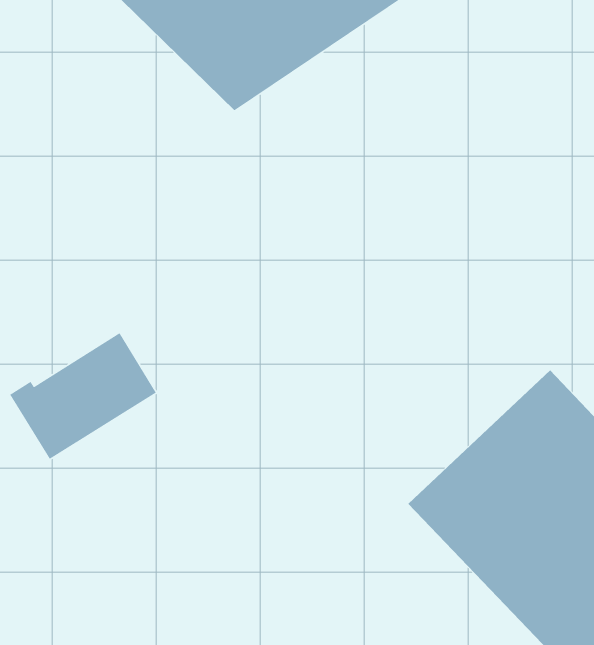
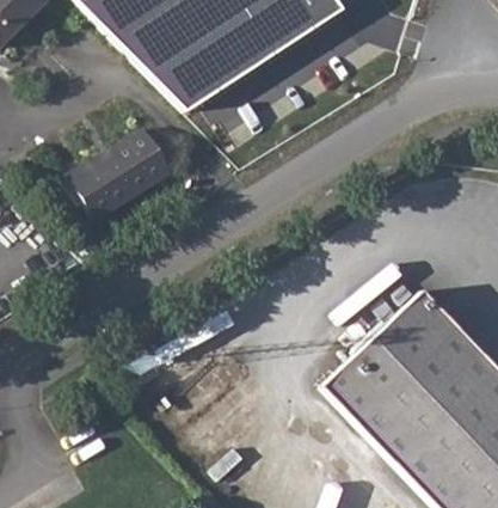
building: [9,332,157,460] -> [67,129,172,220]

